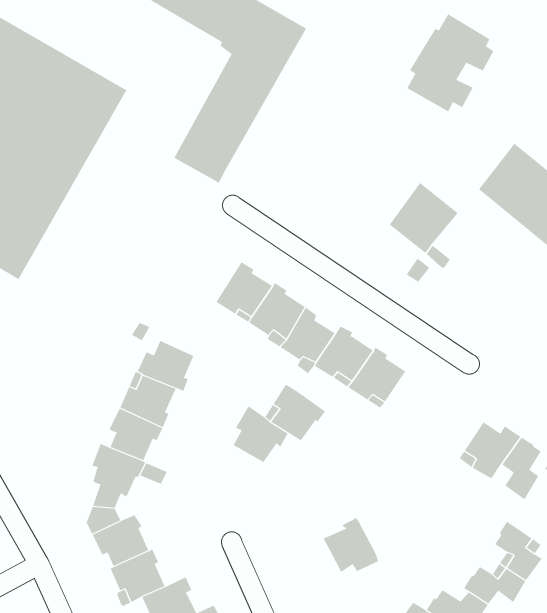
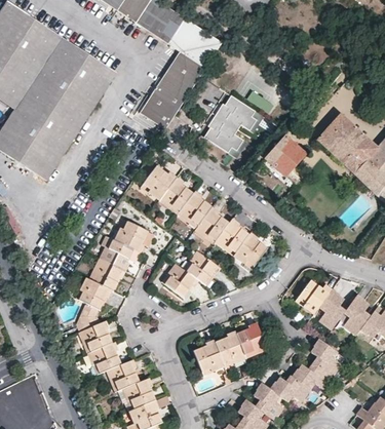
building: [407,13,494,112] -> [205,95,258,153]
building: none -> [143,165,176,200]
building: none -> [235,321,266,353]
building: none -> [193,340,224,372]

